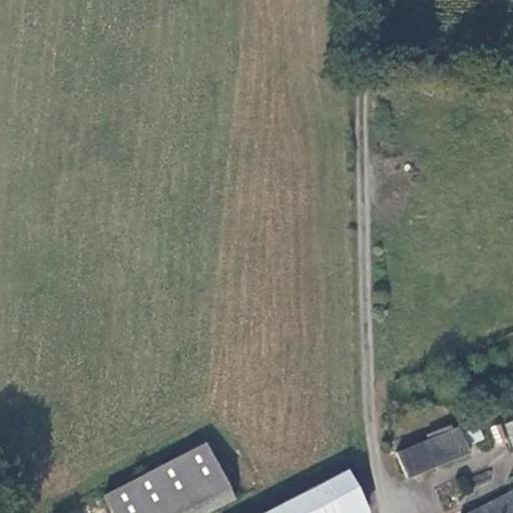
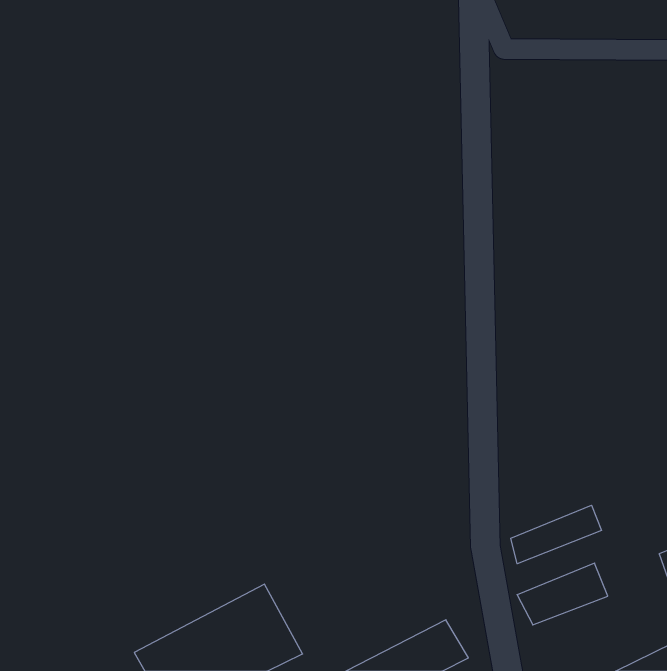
building: none -> [511,505,601,564]

